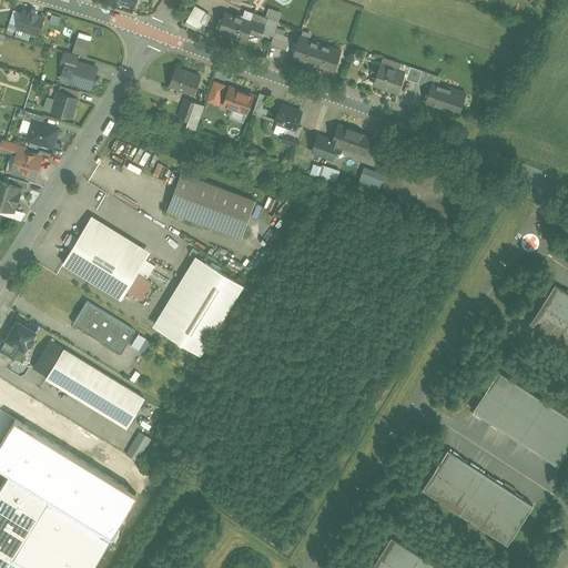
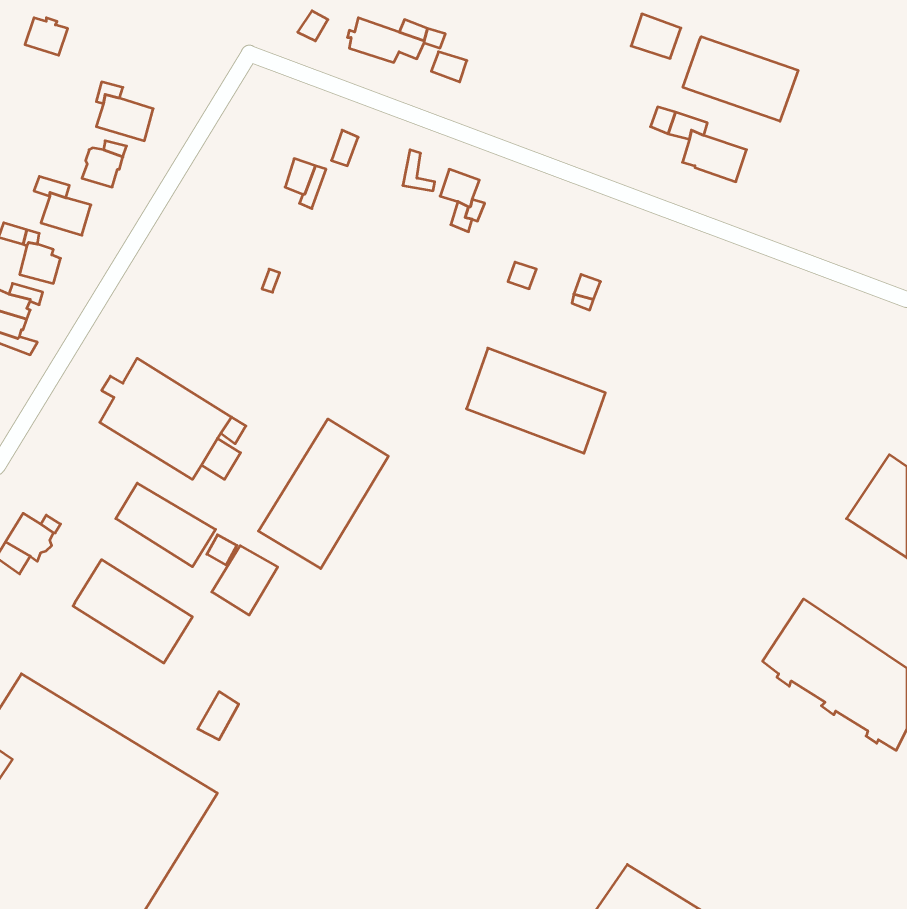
building: none -> [683,37,798,121]
building: [291,38,339,71] -> none
building: [372,65,403,93] -> [631,14,681,58]
building: [168,69,199,95] -> none
building: [222,88,251,113] -> none
building: [311,125,369,159] -> none
building: [166,173,253,239] -> [466,348,605,453]
building: [32,341,63,376] -> none
building: [102,385,143,428] -> [212,546,278,615]
building: [423,454,531,547] -> none

